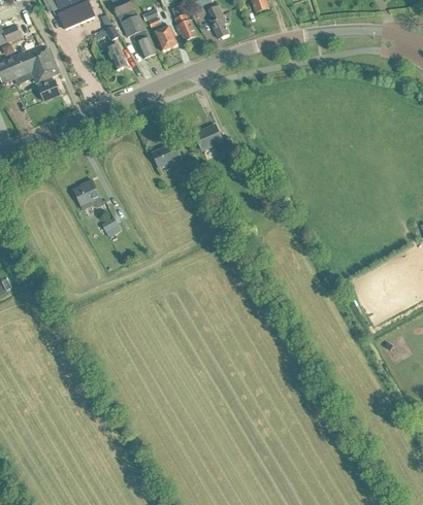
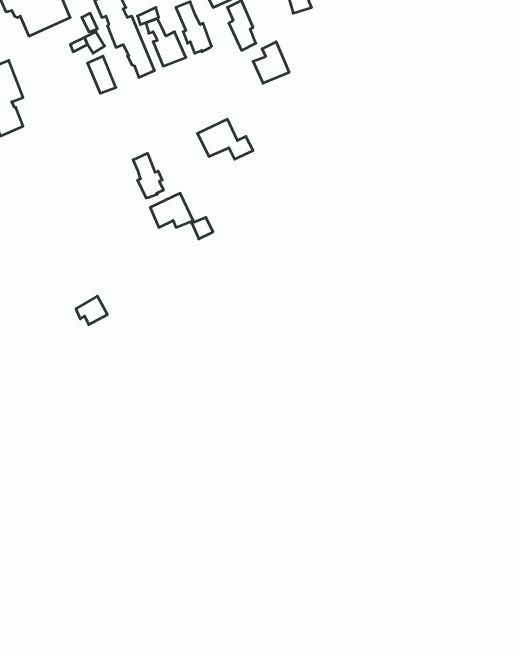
building: none -> [253,42,289,83]
building: none -> [133,153,163,198]
building: [193,124,233,153] -> [197,119,253,159]
building: [73,179,102,209] -> none

